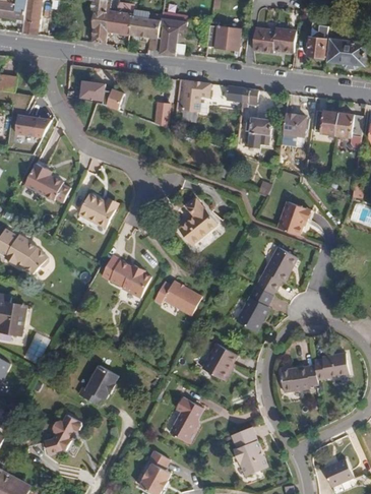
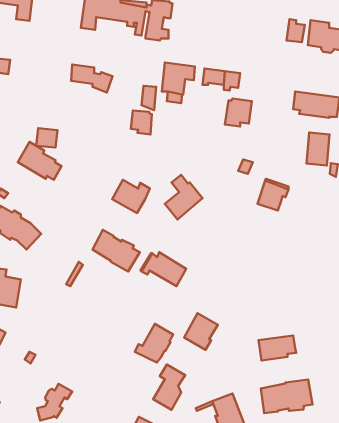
building: [206,25,240,51] -> none
building: [252,28,297,53] -> none
building: [281,114,305,148] -> [306,133,330,166]
building: [16,116,39,136] -> [36,128,58,148]
building: none -> [131,110,152,134]
building: [78,192,118,227] -> [112,180,150,213]
building: [236,247,297,333] -> none
building: [313,353,348,379] -> none
building: [77,367,118,408] -> [135,324,173,362]
building: none -> [261,379,313,413]

